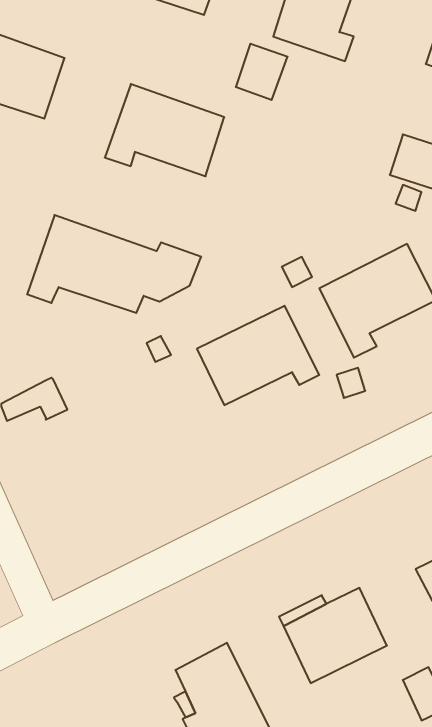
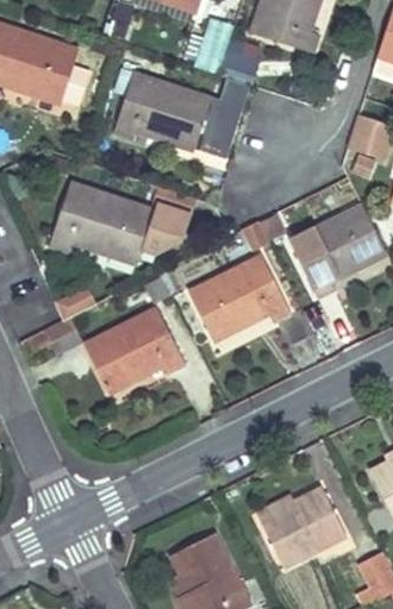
building: none -> [194,19,232,74]
building: none -> [202,79,245,161]
building: none -> [85,308,186,391]

